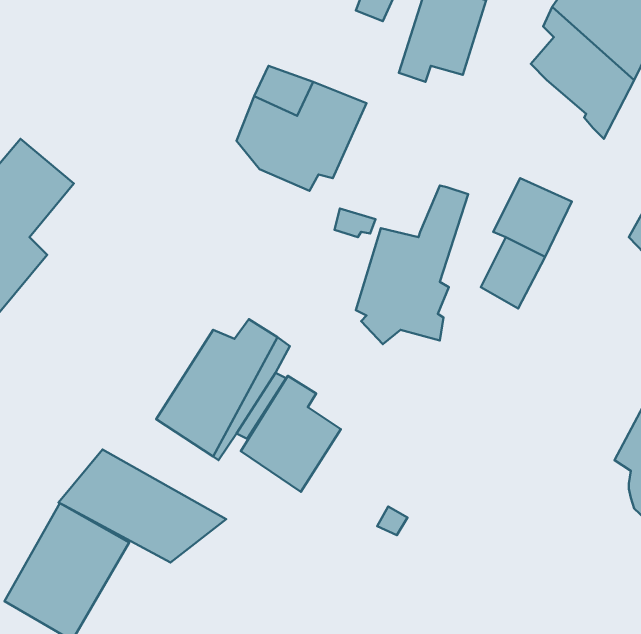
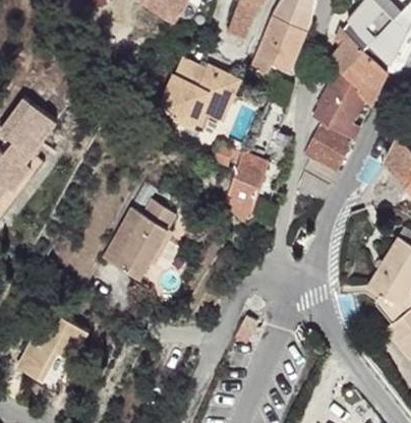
building: none -> [310,71,361,140]
building: [241,376,341,492] -> none
building: [59,449,226,562] -> none

